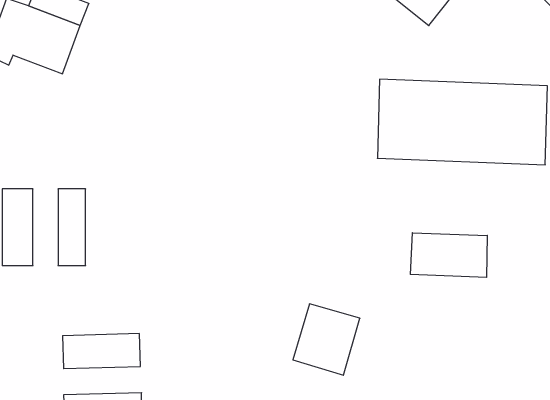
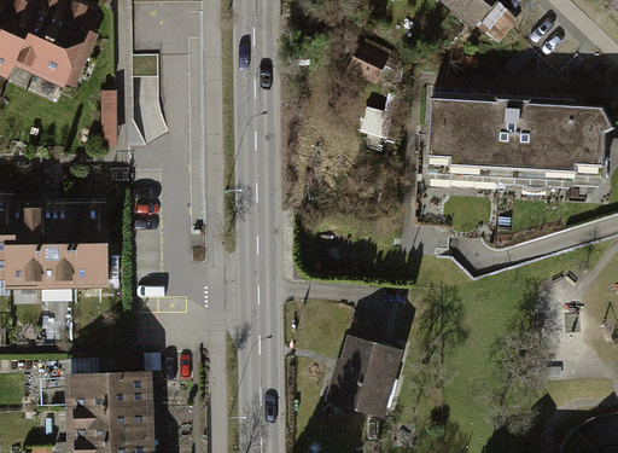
building: none -> [40,211,68,296]
building: [410,233,487,277] -> none
building: none -> [74,407,159,439]

